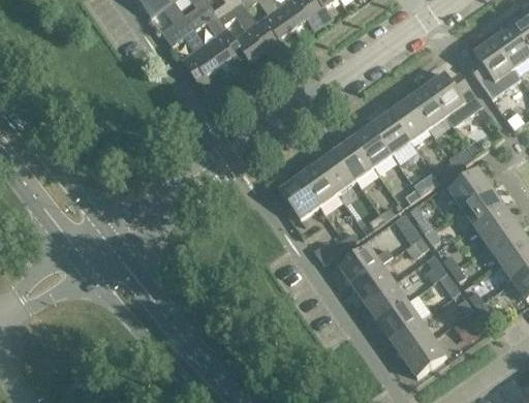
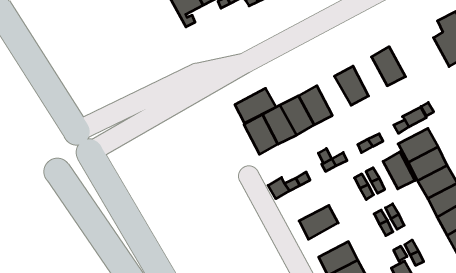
building: [425,72,483,125] -> none
building: [388,98,428,141] -> none
building: [352,124,392,166] -> none
building: none -> [235,88,276,123]
building: none -> [383,152,415,189]
building: [338,244,381,284] -> none
building: [364,281,407,320] -> none

